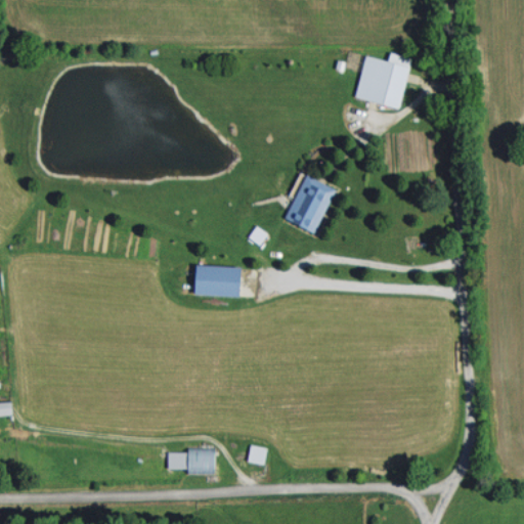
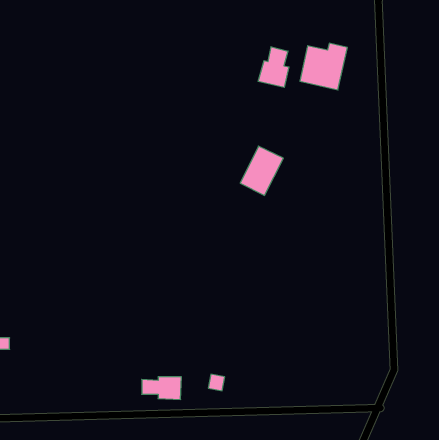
building: none -> [258,47,289,87]
building: [195,266,242,297] -> none

